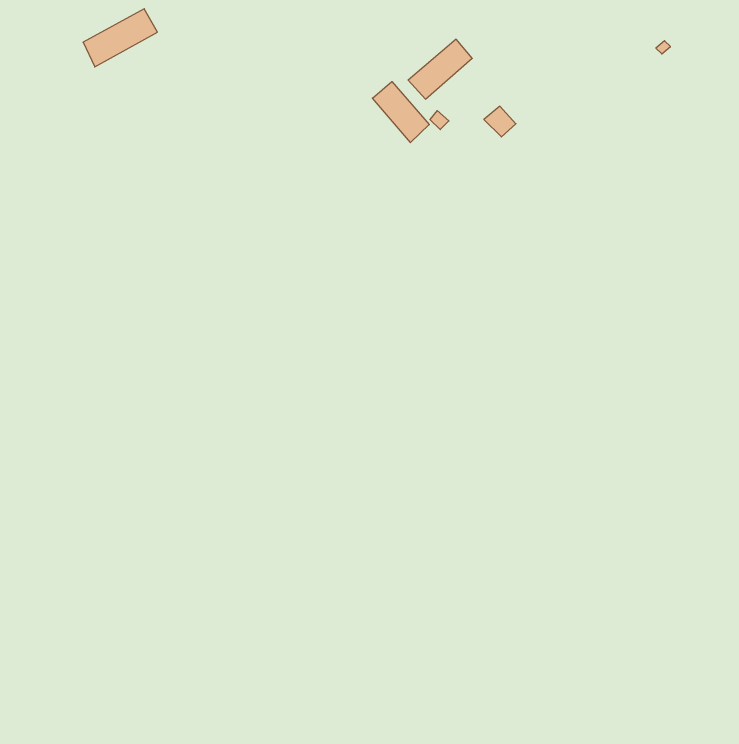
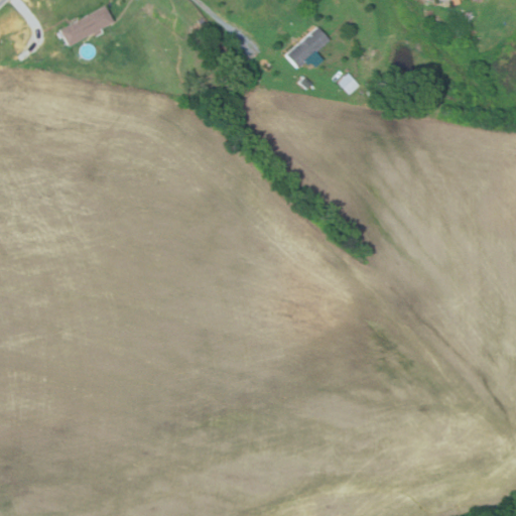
building: [372,82,429,143] -> none

